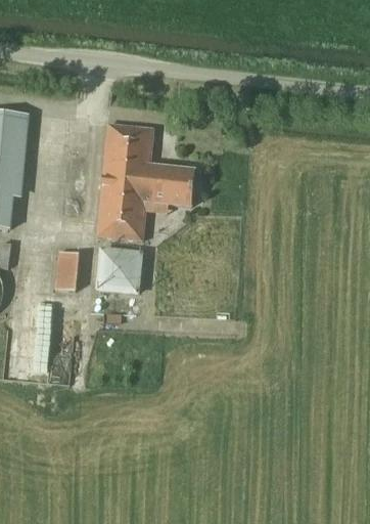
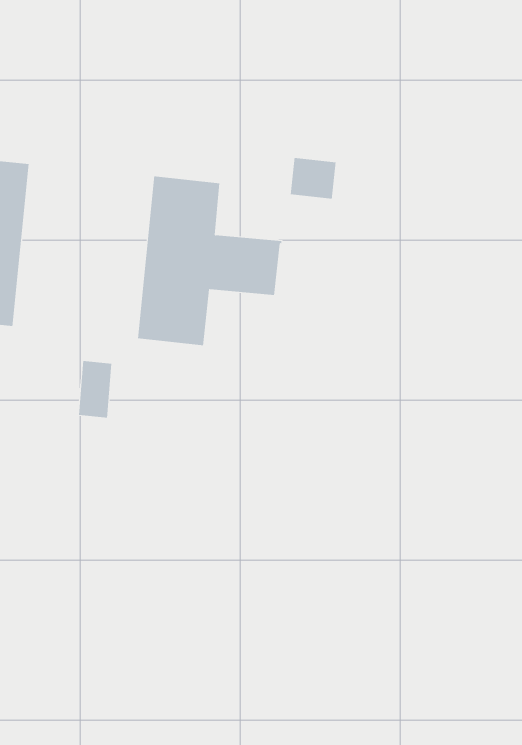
building: none -> [290,157,336,199]
building: [96,246,145,294] -> none

